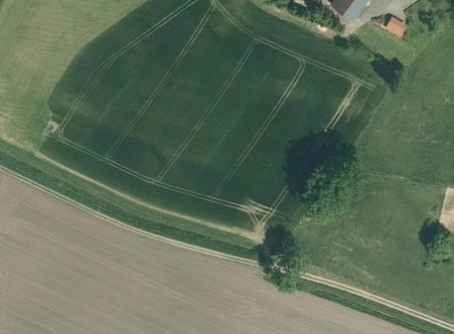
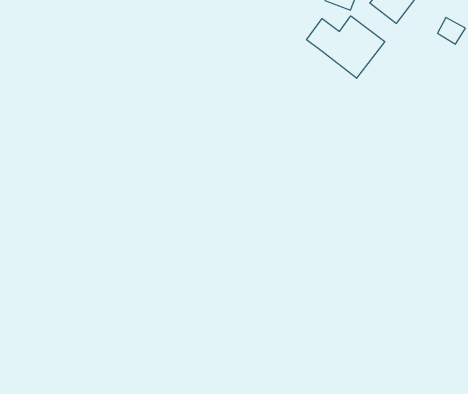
building: none -> [307,16,385,78]

